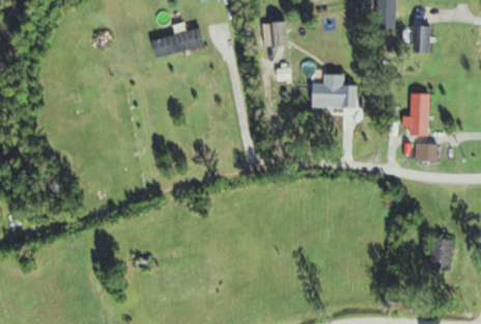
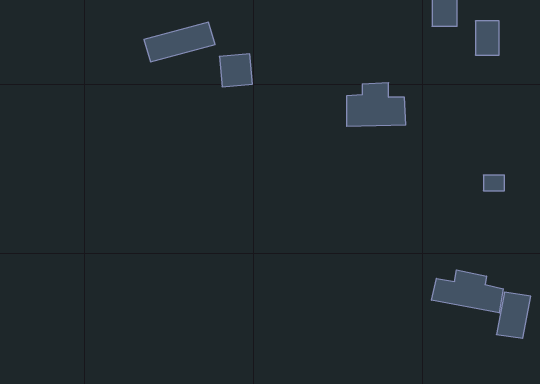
building: [261,21,287,47] -> [219,54,252,87]
building: [409,92,427,135] -> none
building: none -> [432,270,503,313]

